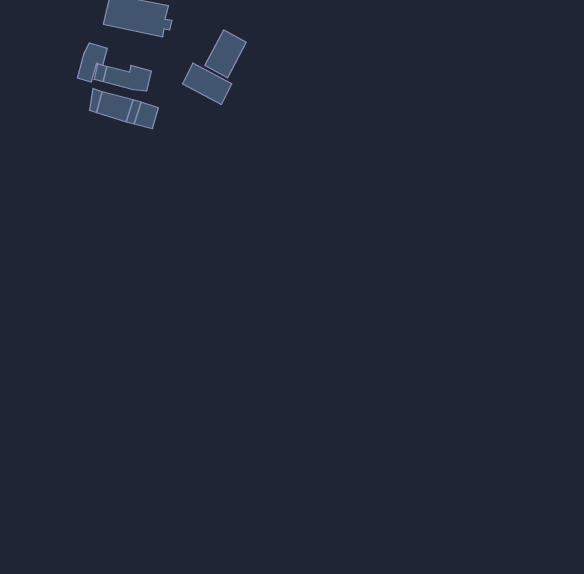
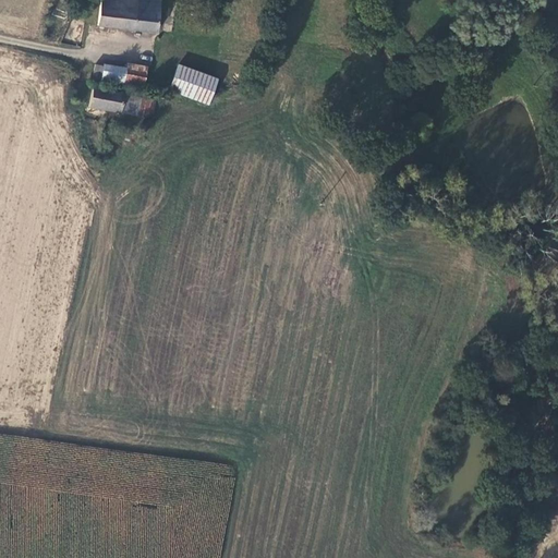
building: [205,30,246,78] -> none
building: [78,43,107,82] -> none

